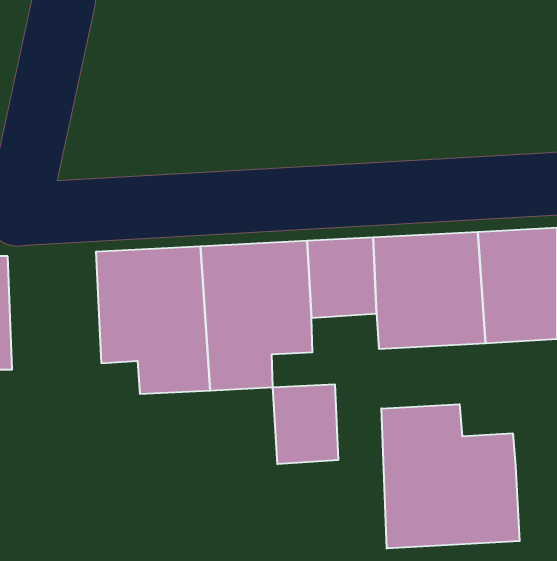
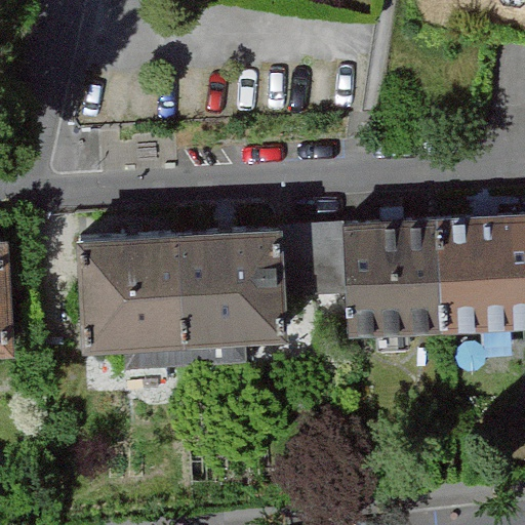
building: [273,384,338,464] -> none
building: [381,404,520,549] -> none

